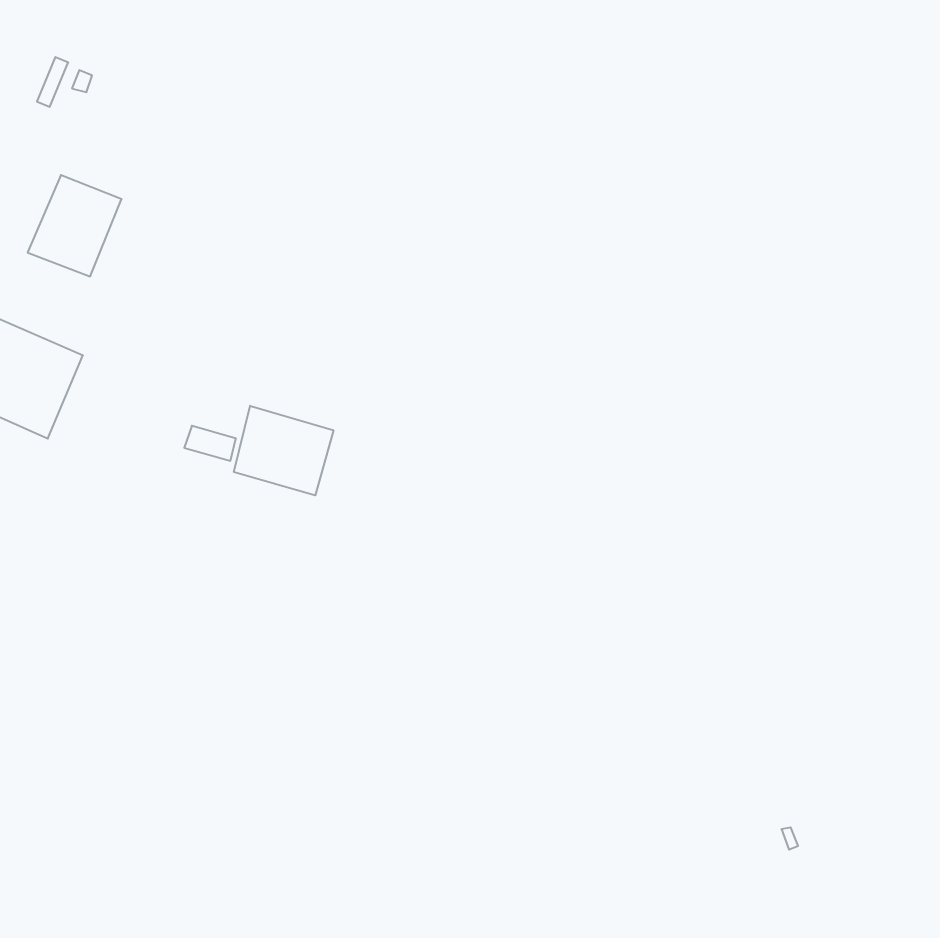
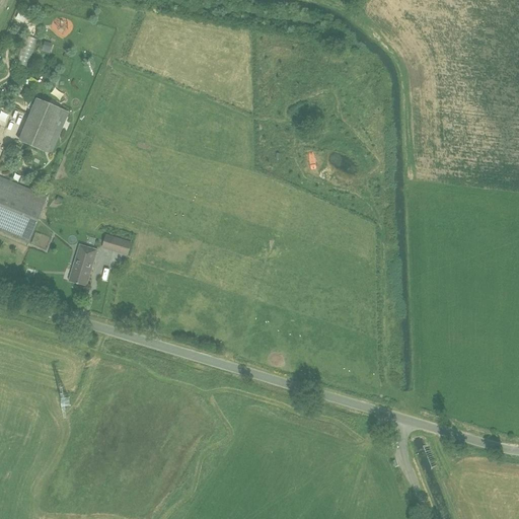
building: [234,406,333,495] -> none
building: none -> [68,244,96,285]

